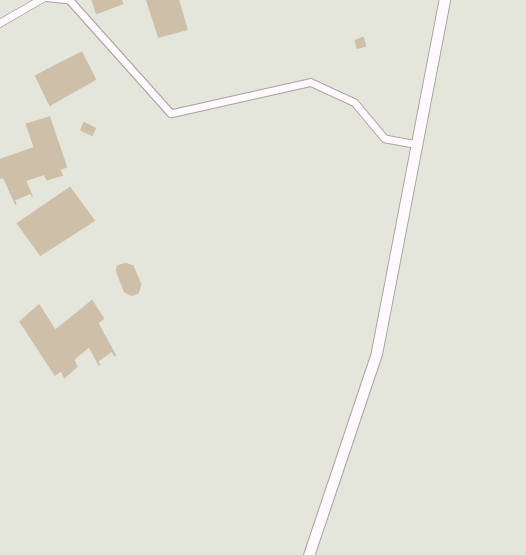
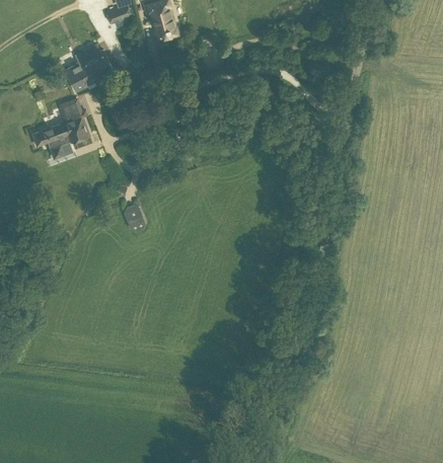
building: [15,186,96,257] -> none
building: [18,298,117,380] -> none

